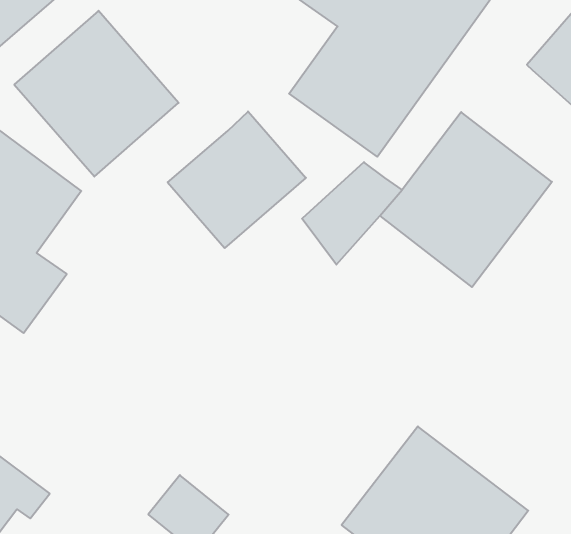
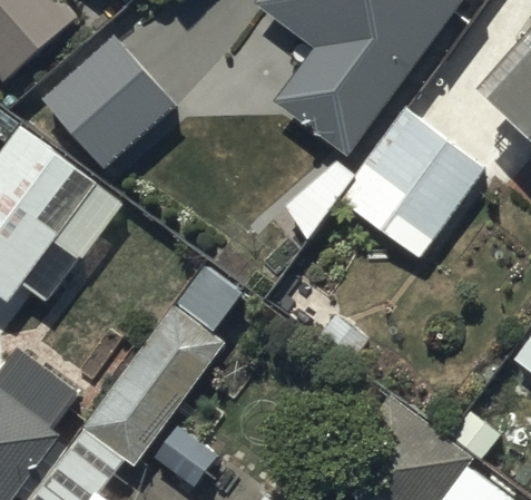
building: [168,111,306,248] -> none
building: none -> [80,249,265,468]

